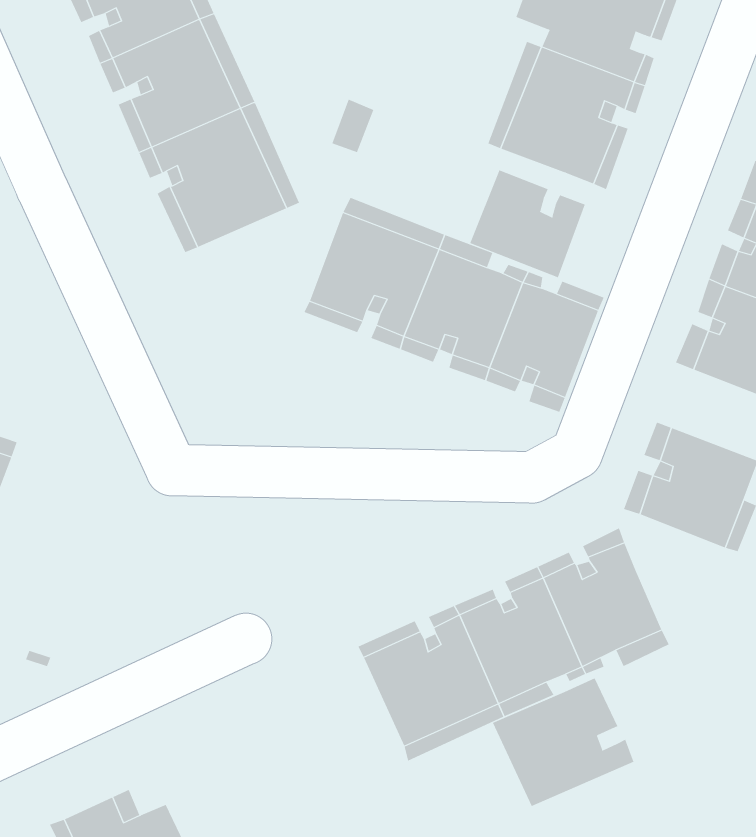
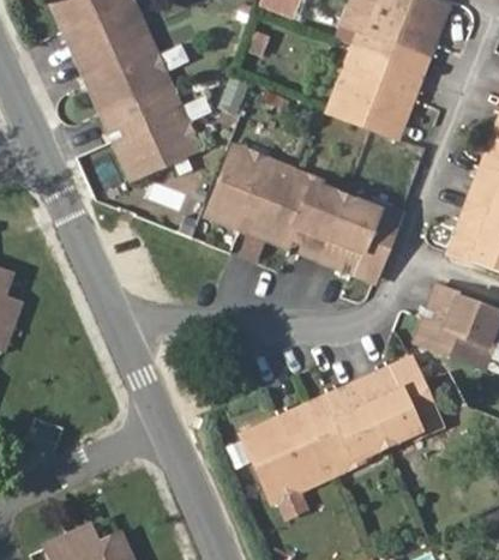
building: [469,169,586,278] -> none
building: [492,678,634,807] -> none

